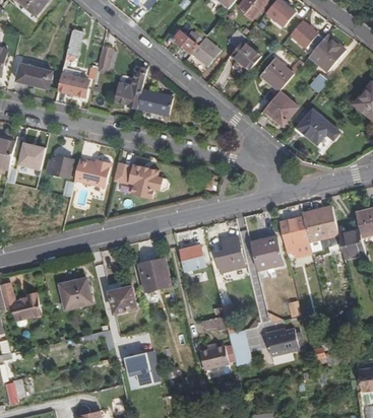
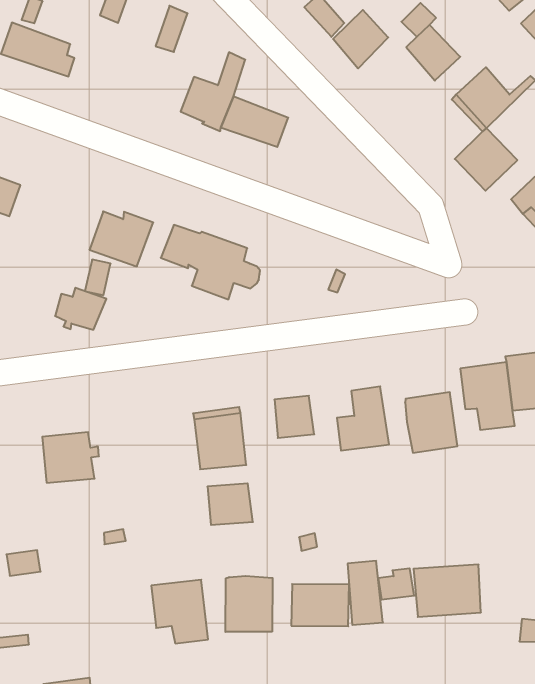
building: [57,69,87,96] -> none
building: [47,156,73,179] -> [55,288,106,330]
building: [108,285,134,309] -> [207,483,253,525]
building: none -> [225,576,273,632]

